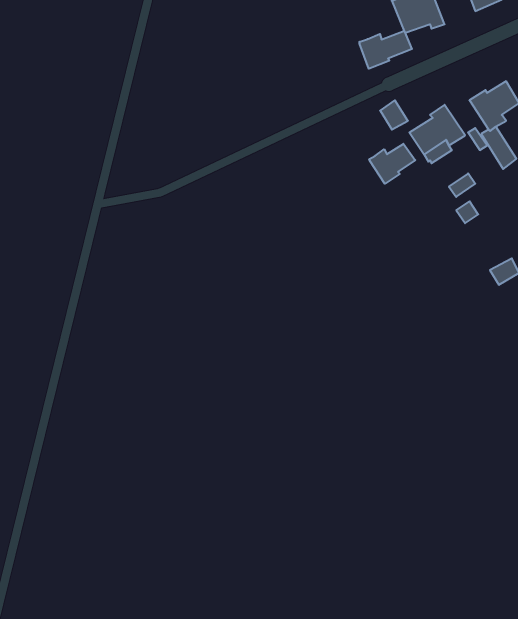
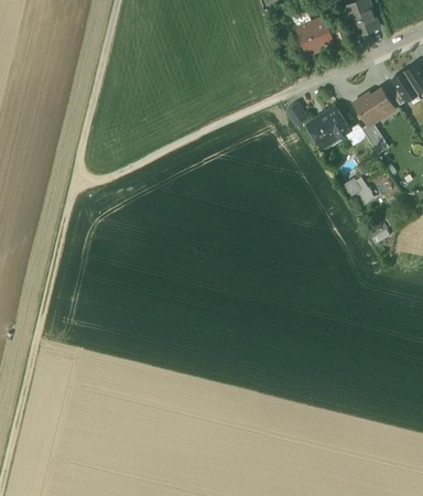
building: [359,31,412,69] -> none
building: [369,144,415,184] -> none

